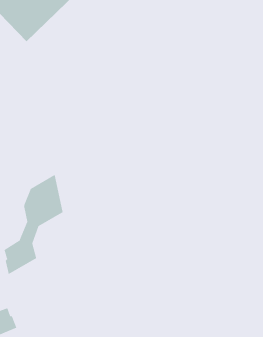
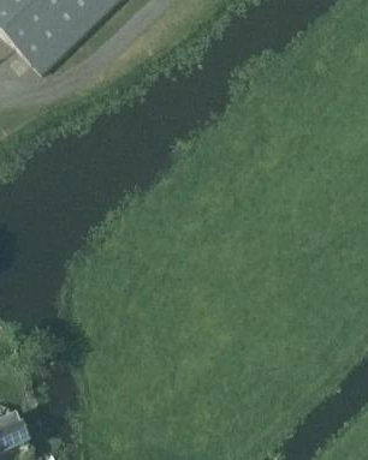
building: [4,174,63,275] -> none

